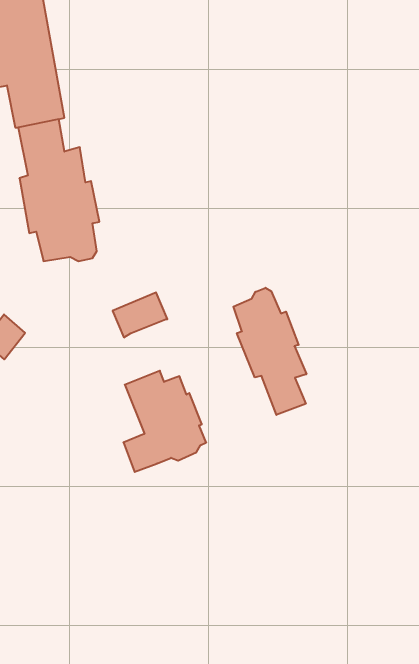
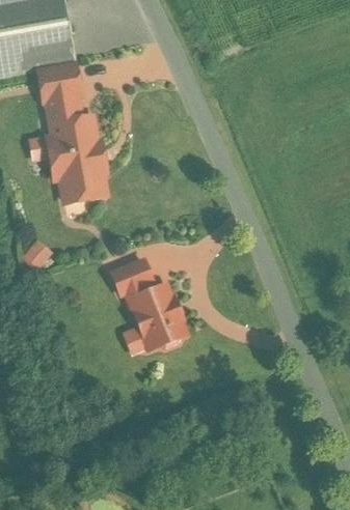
building: [233,288,306,415] -> none
building: [113,292,167,337] -> [112,261,153,294]

